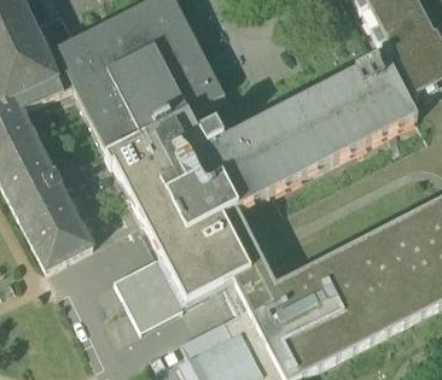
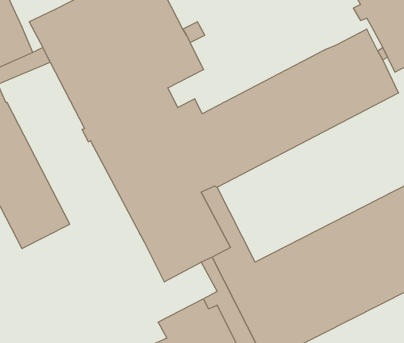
building: [115,256,182,328] -> none

